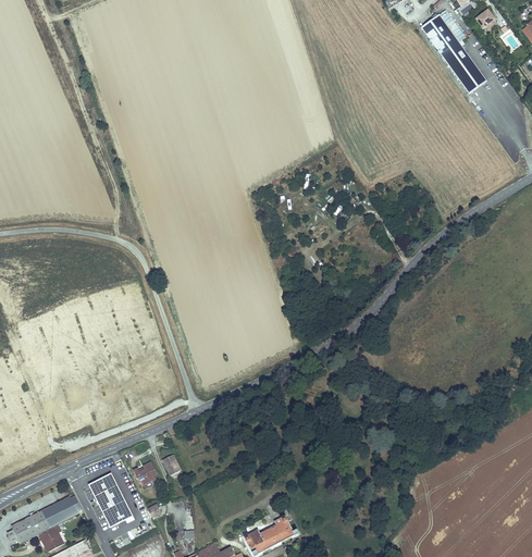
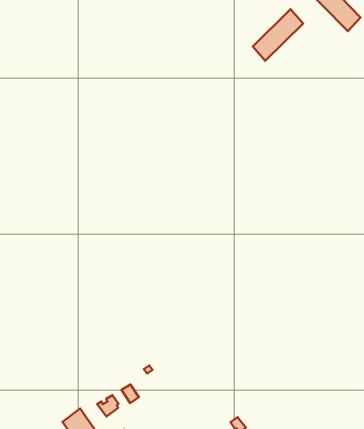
building: none -> [253,9,303,61]

